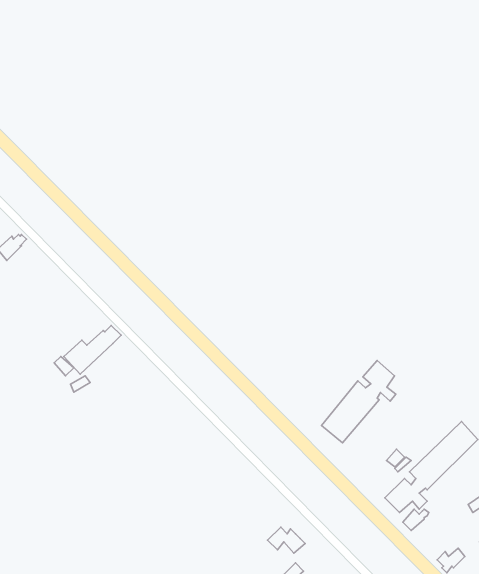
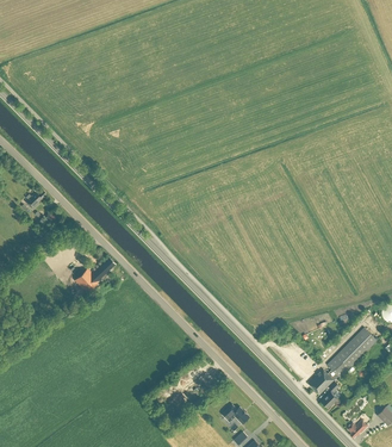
building: [321,360,396,443] -> none

